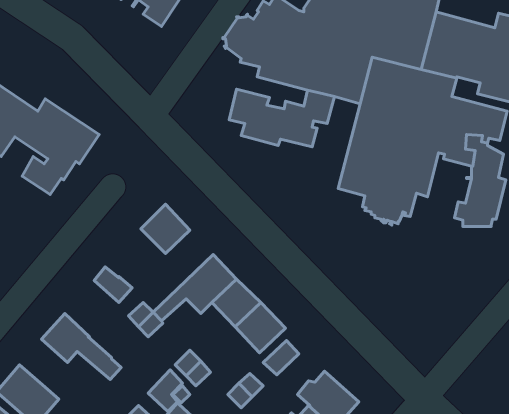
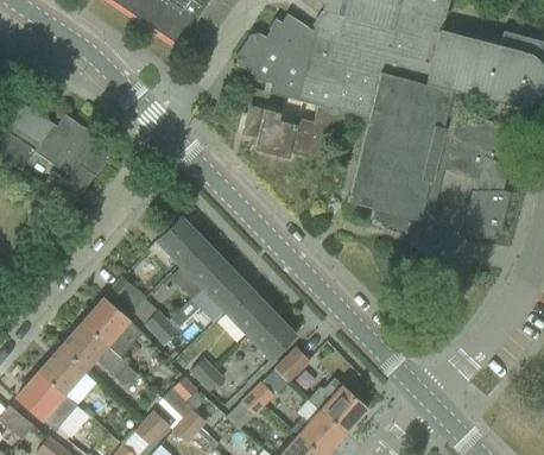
building: none -> [171,241,227,298]
building: none -> [83,297,129,345]
building: none -> [39,347,86,393]

